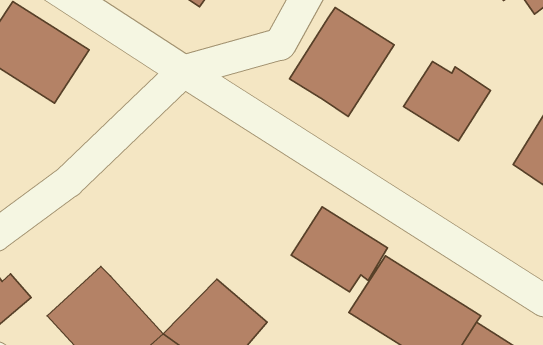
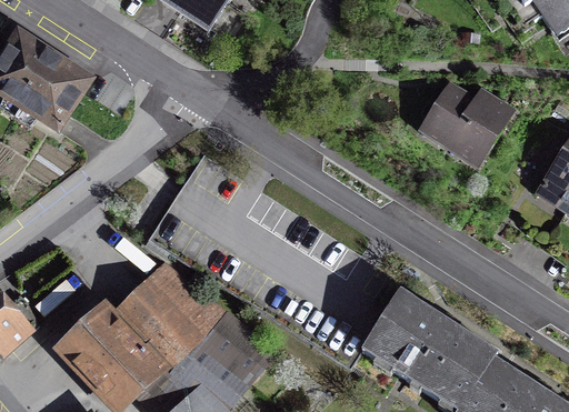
building: [290,7,394,116] -> none
building: [291,207,388,292] -> none
building: none -> [117,261,227,368]

